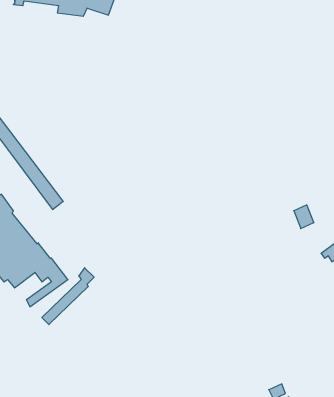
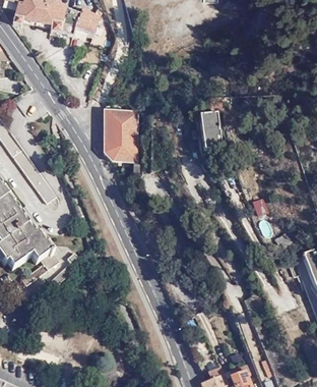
building: none -> [104,108,138,160]
building: none -> [199,113,223,151]

